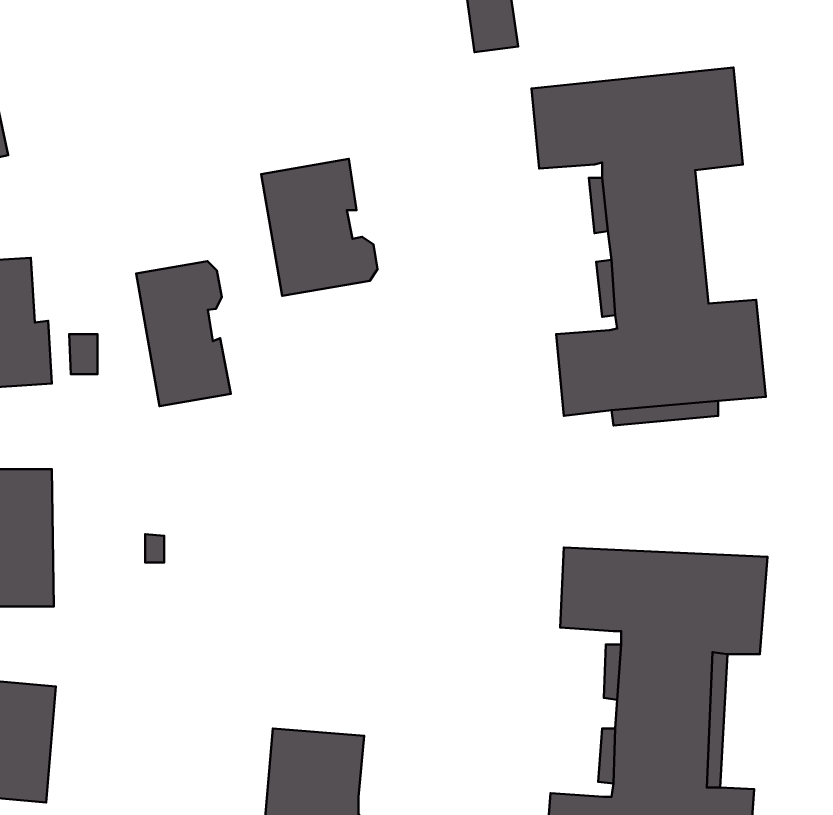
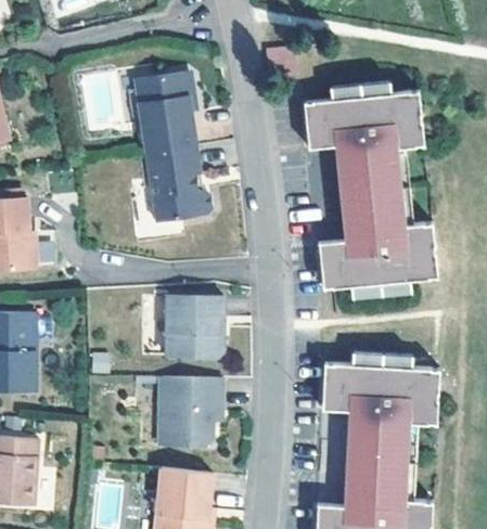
building: none -> [139,69,202,151]
building: [136,261,231,406] -> none
building: none -> [165,294,222,354]
building: none -> [157,375,221,443]

